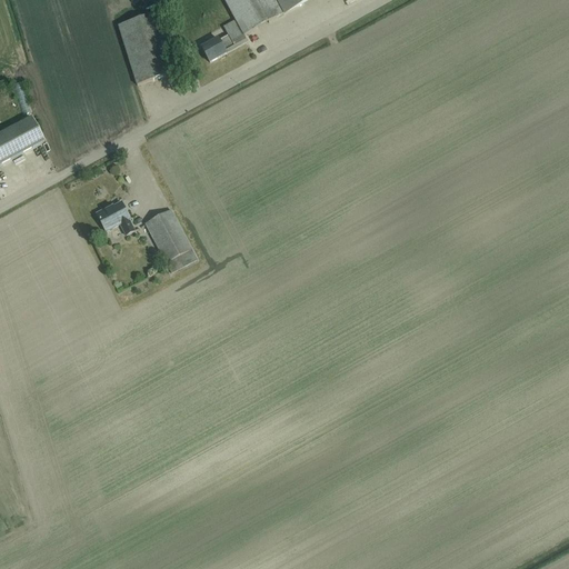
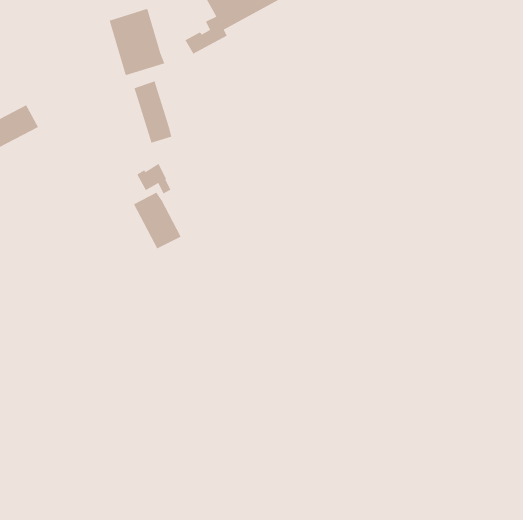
building: none -> [134,81,172,144]
building: [96,199,133,232] -> [136,163,171,194]

